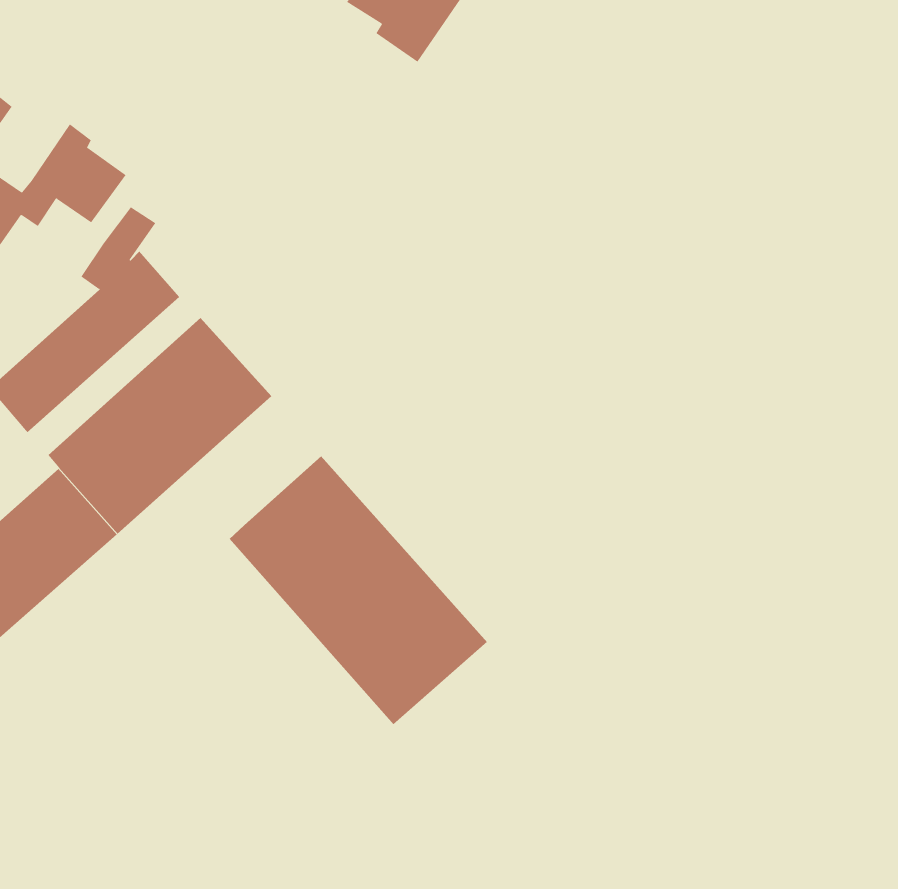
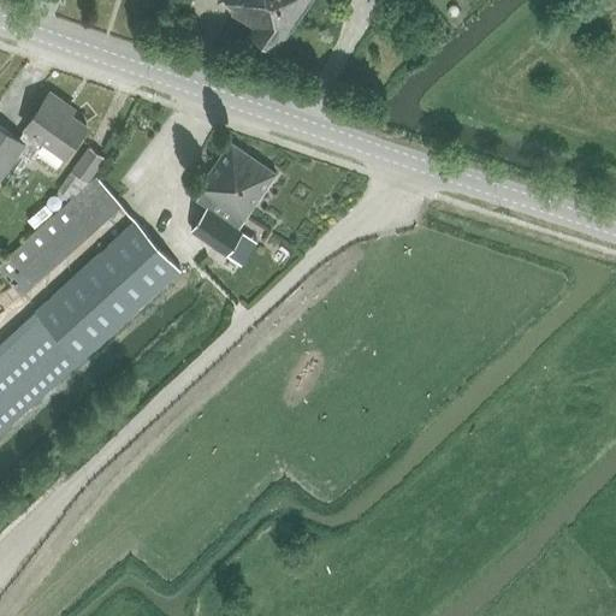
building: none -> [189,142,276,267]
building: [229,455,488,725] -> none

